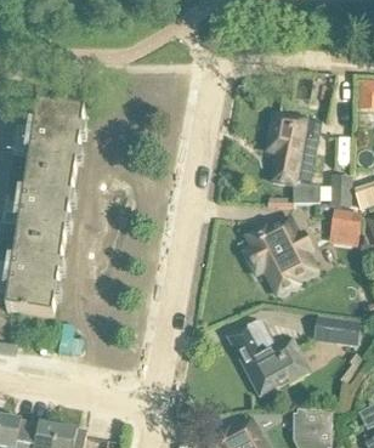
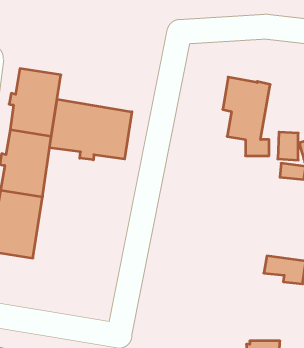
building: none -> [50,99,132,160]
building: [244,219,314,293] -> none
building: [227,321,310,395] -> none

